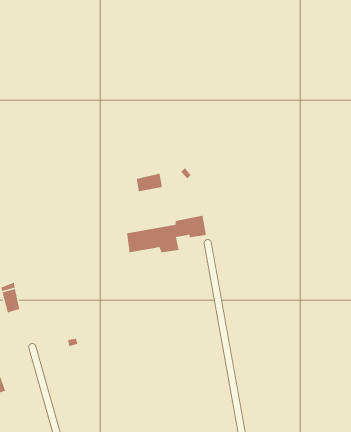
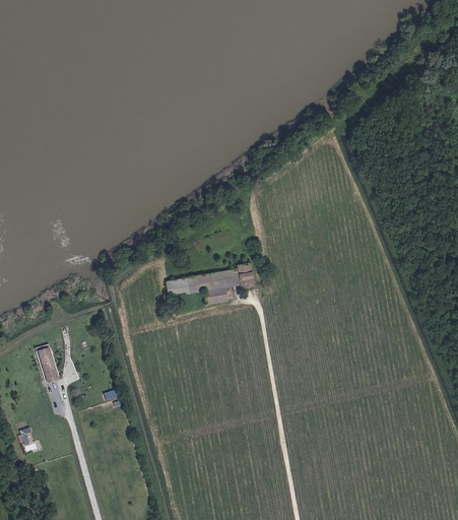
building: [136,173,163,192] -> none

